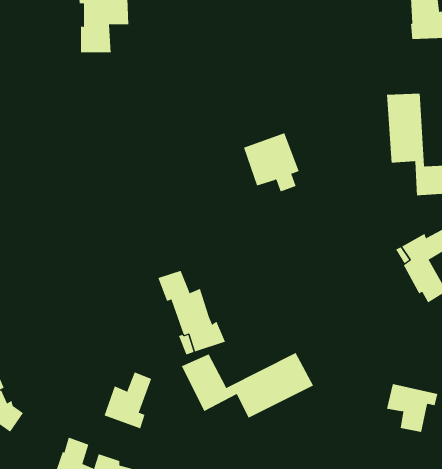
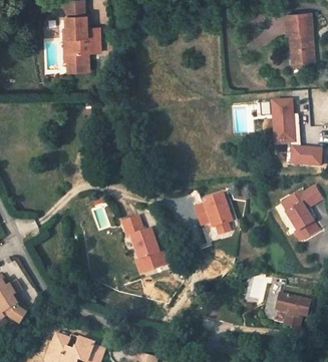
building: [243,132,300,192] -> [191,195,229,235]
building: [181,352,314,419] -> none
building: [104,372,152,429] -> none

